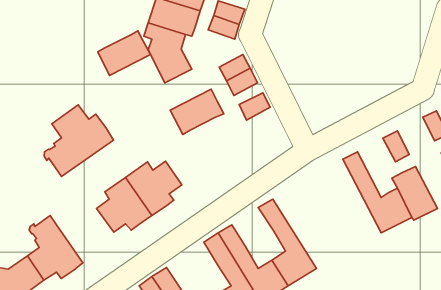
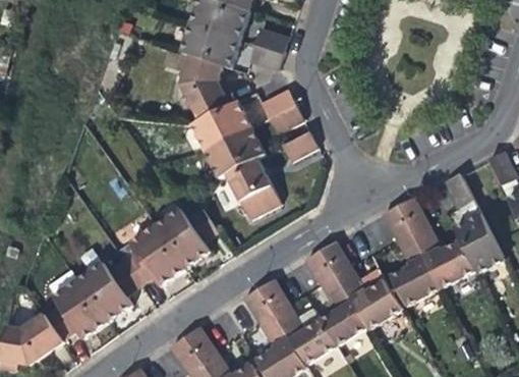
building: [98,31,151,75] -> [191,100,250,150]
building: [44,105,114,176] -> none
building: none -> [227,158,280,218]
building: none -> [382,205,441,306]
building: none -> [320,239,401,327]
building: none -> [77,260,141,321]

